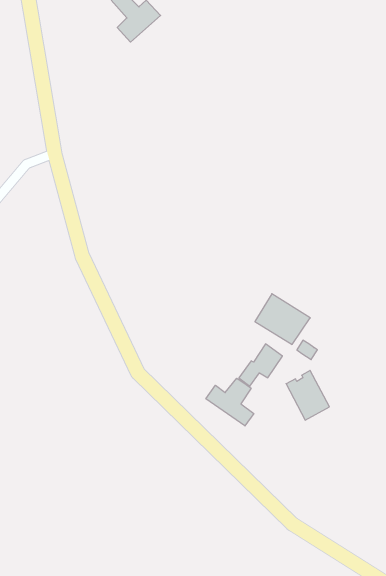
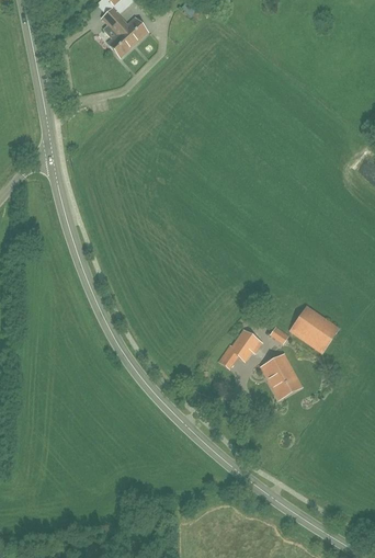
building: [255,294,310,344] -> [288,303,339,349]
building: [206,378,254,426] -> none

